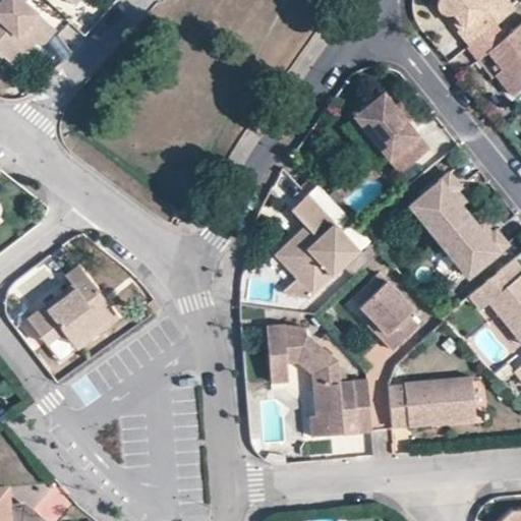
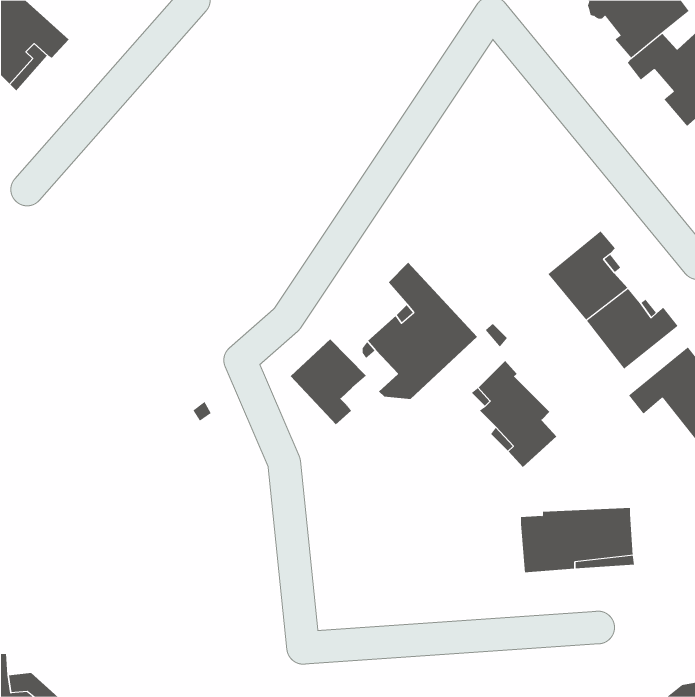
building: [353,92,430,173] -> none
building: none -> [290,339,367,425]
building: [26,264,117,348] -> none
building: [268,323,372,436] -> none

